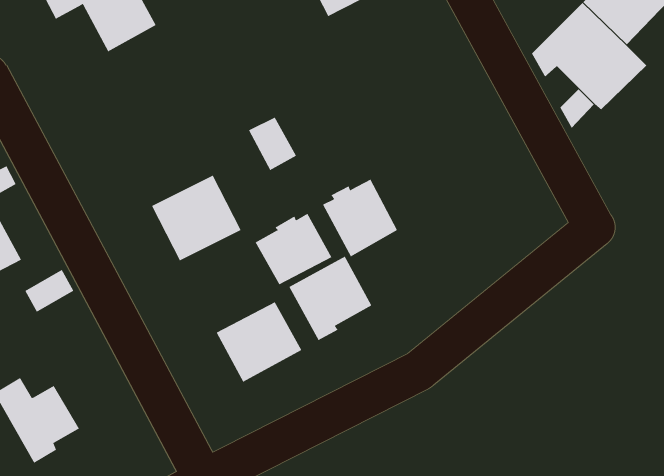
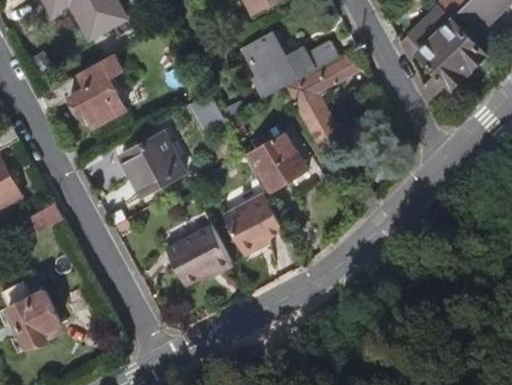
building: none -> [247,33,340,95]
building: none -> [290,54,360,139]
building: none -> [40,55,123,125]
building: [255,213,332,285] -> none

